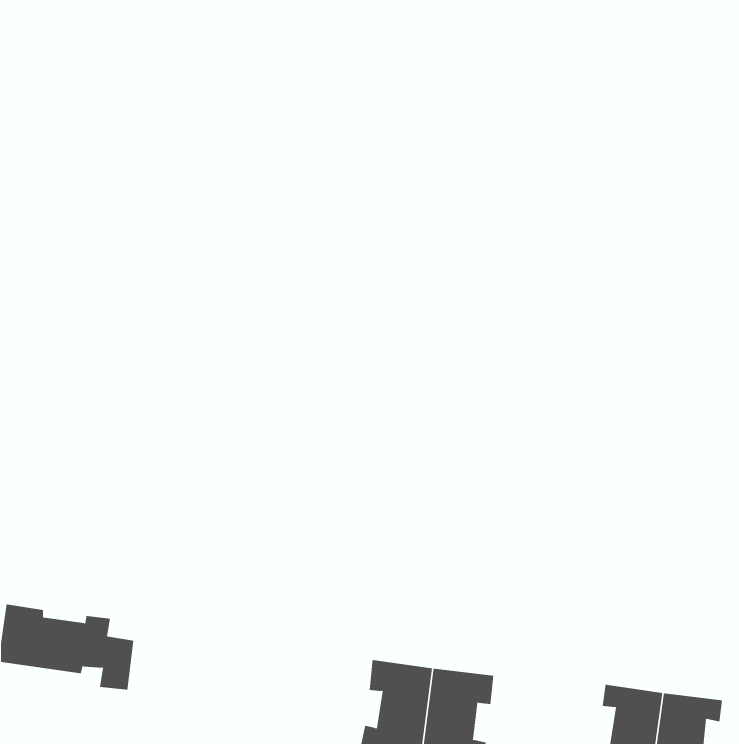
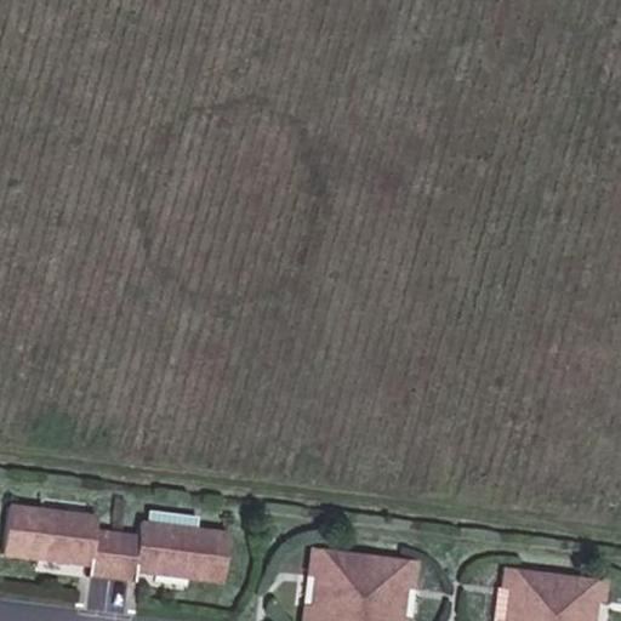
building: none -> [112,509,228,580]

